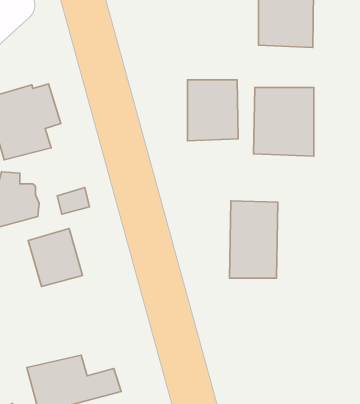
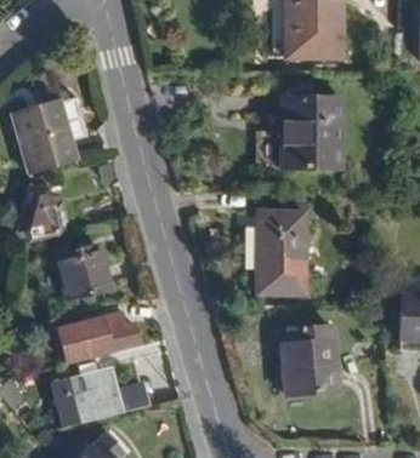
building: [187,80,238,141] -> none
building: none -> [58,313,141,361]
building: none -> [283,327,340,396]

